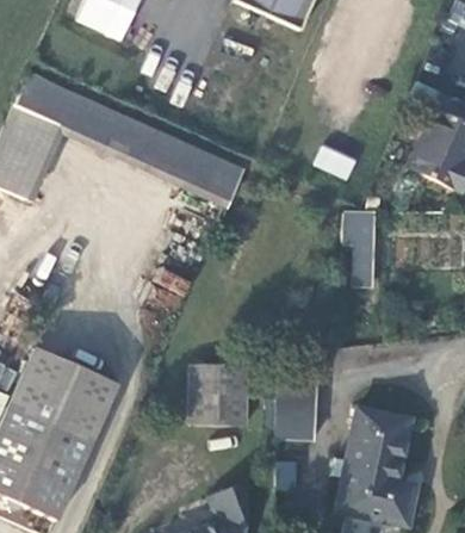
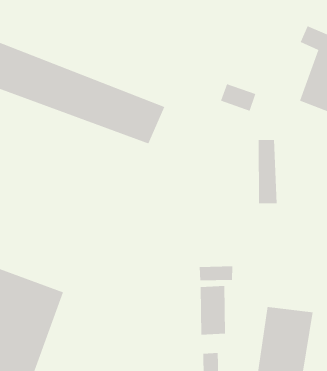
building: [187,365,244,428] -> none

